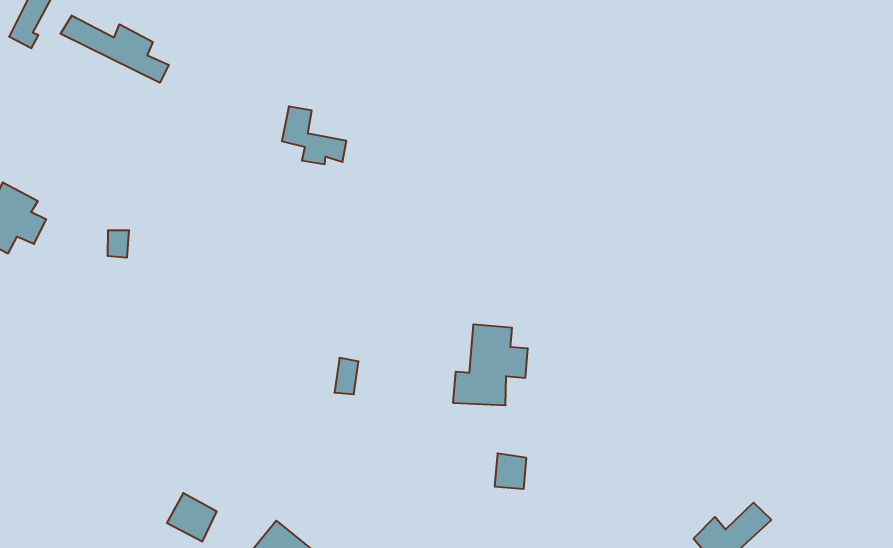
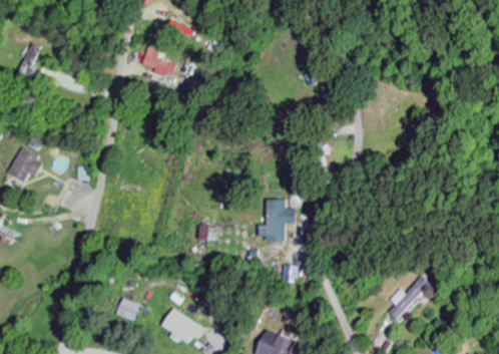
building: [60,15,169,83] -> none
building: [282,106,346,164] -> [141,47,174,75]

